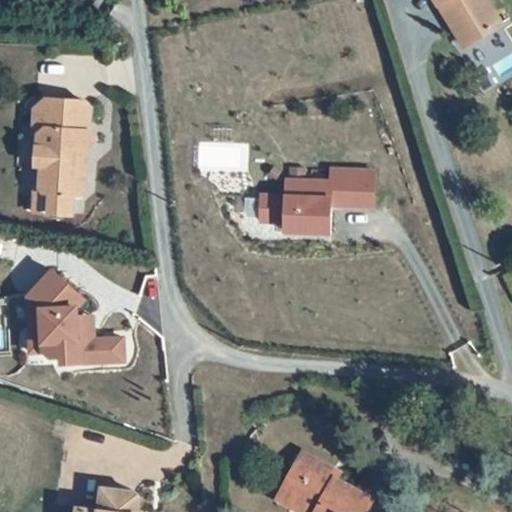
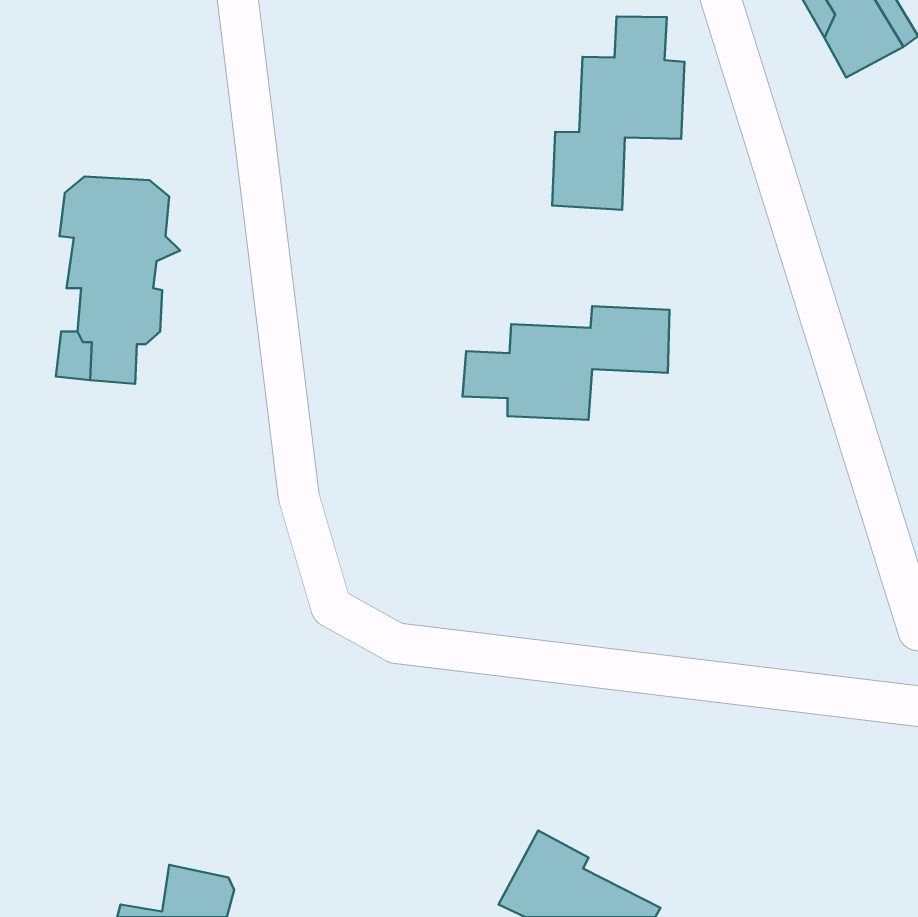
building: none -> [552,16,684,210]
building: [25,271,119,365] -> none

